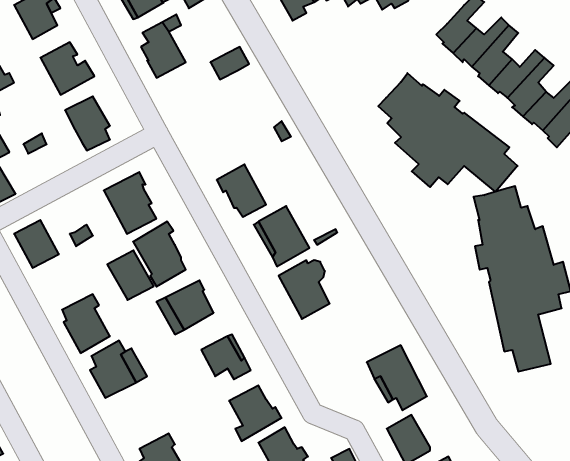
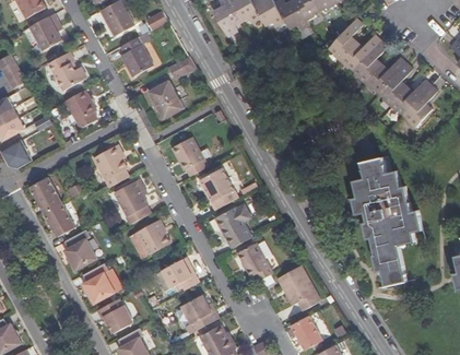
building: [378,73,518,192] -> none
building: none -> [148,82,182,120]
building: [107,250,154,300] -> [42,202,74,237]
building: none -> [237,242,272,282]
building: none -> [96,299,132,333]

